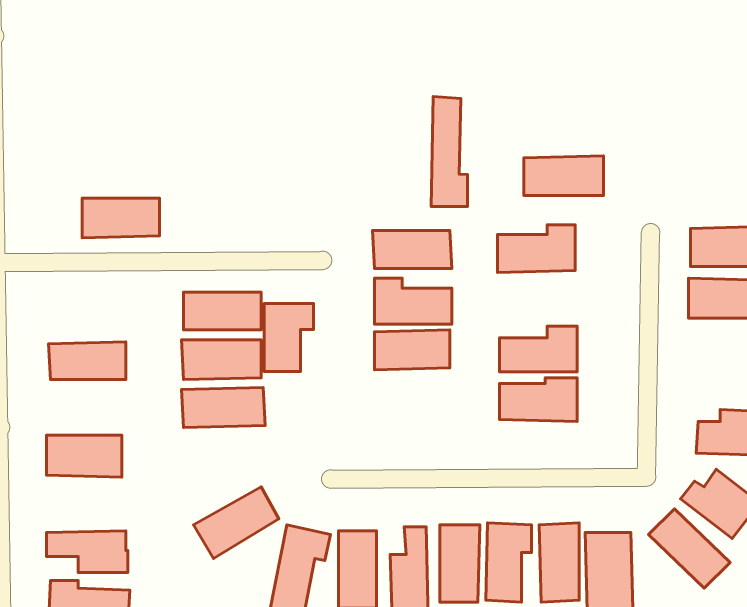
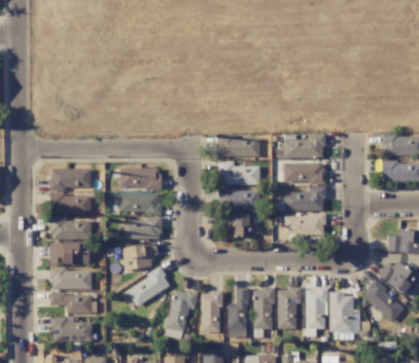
building: [431,97,468,206] -> none
building: [524,156,603,196] -> [283,162,324,183]
building: [82,198,160,238] -> [50,169,91,189]
building: [264,304,313,371] -> none
building: none -> [228,214,254,238]
building: none -> [50,219,92,240]
building: none -> [120,242,158,270]
building: none -> [51,269,91,289]

